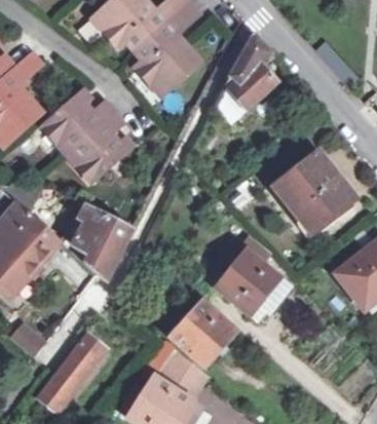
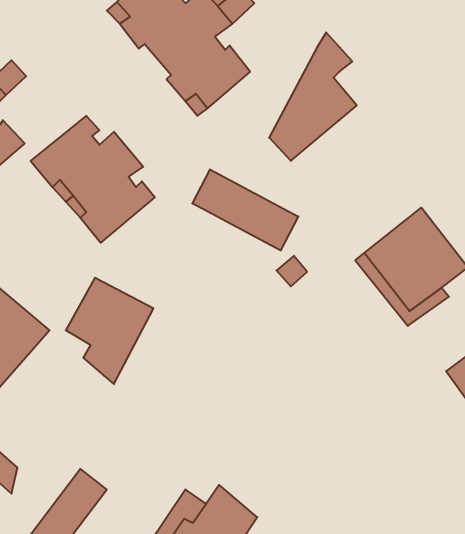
building: none -> [192,169,298,250]
building: [212,240,289,313] -> none
building: [168,299,235,364] -> none

